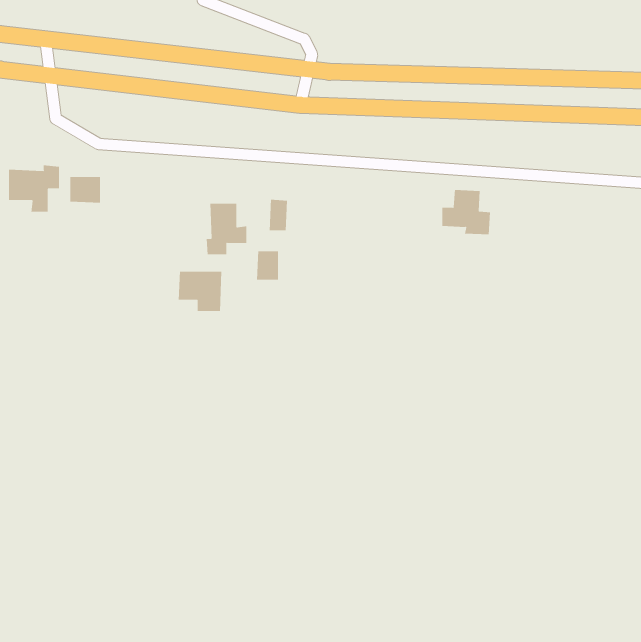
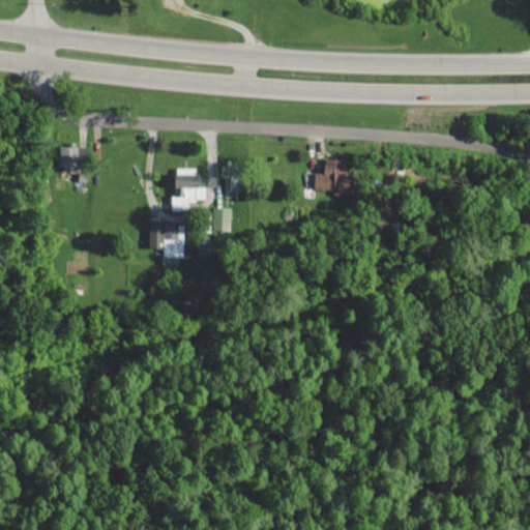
building: [8,165,59,213] -> none
building: [442,190,491,235] -> [316,159,356,197]

